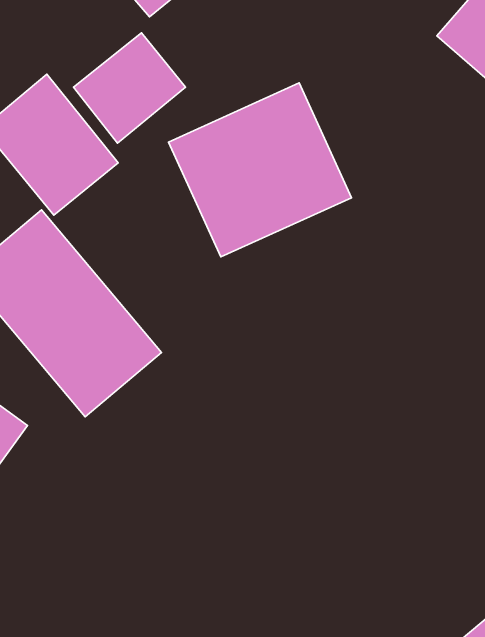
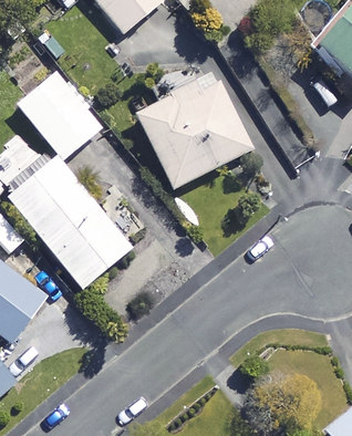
building: [73,33,186,143] -> none

